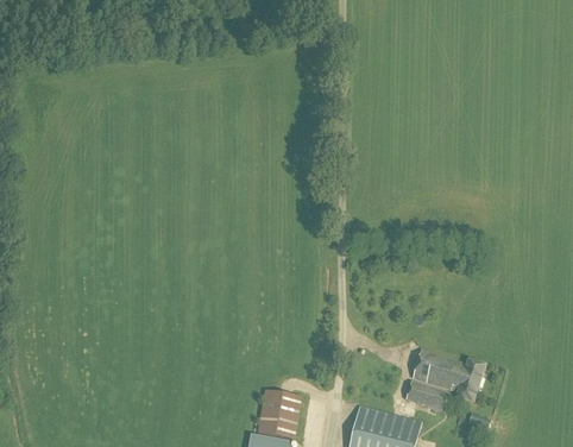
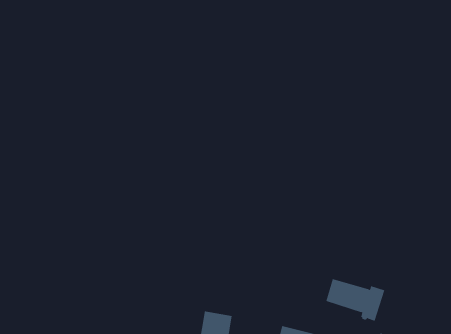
building: [405,380,449,411] -> none

